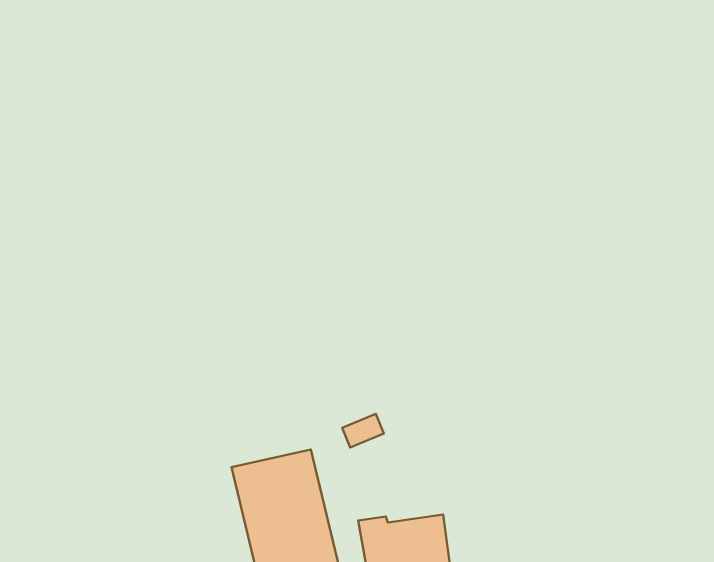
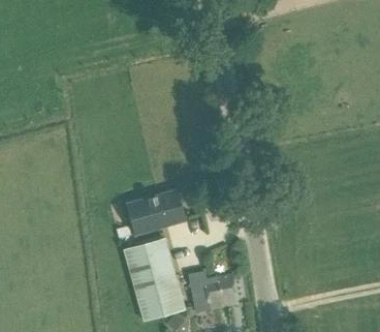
building: none -> [129,190,187,233]

